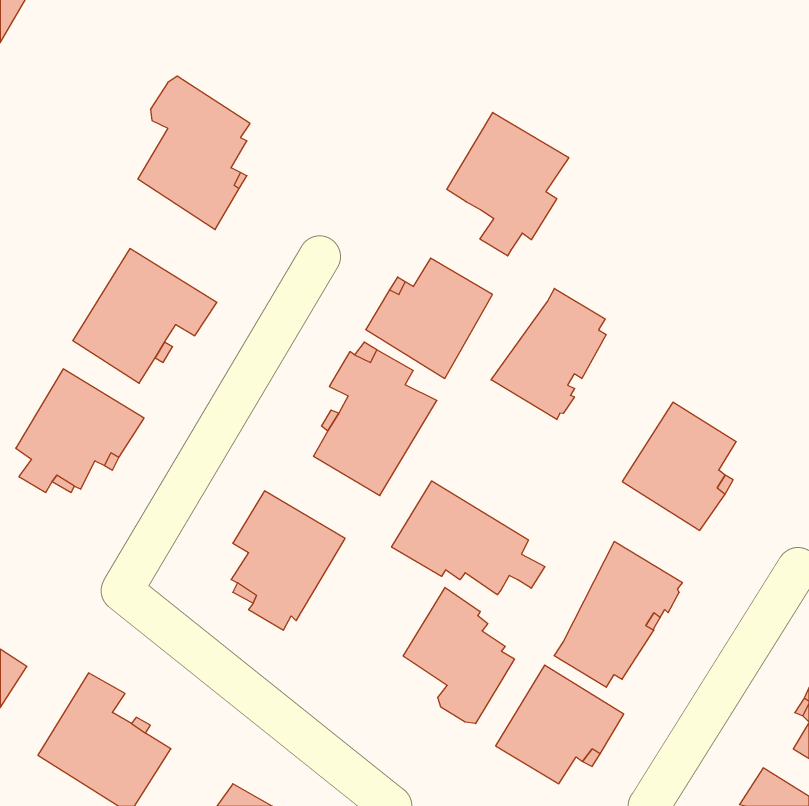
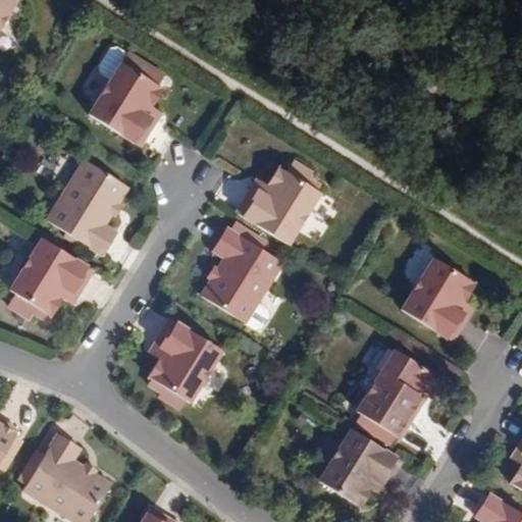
building: [447,112,569,256] -> none
building: [491,288,606,420] -> none
building: [392,481,545,595] -> none
building: [403,587,515,724] -> none

